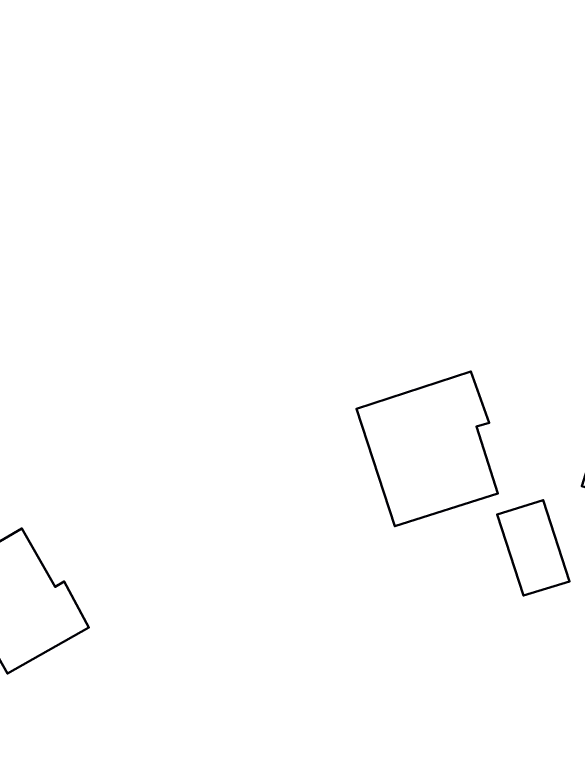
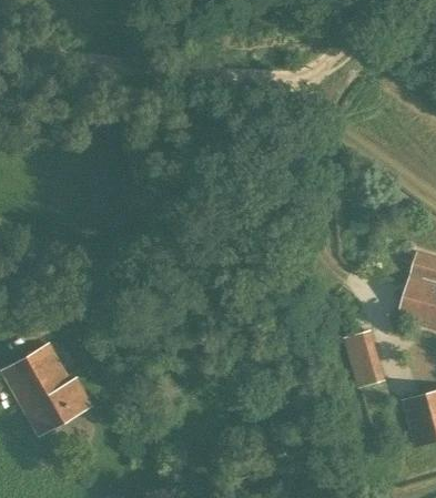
building: [356,371,498,526] -> none

